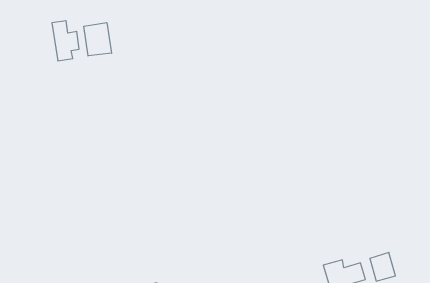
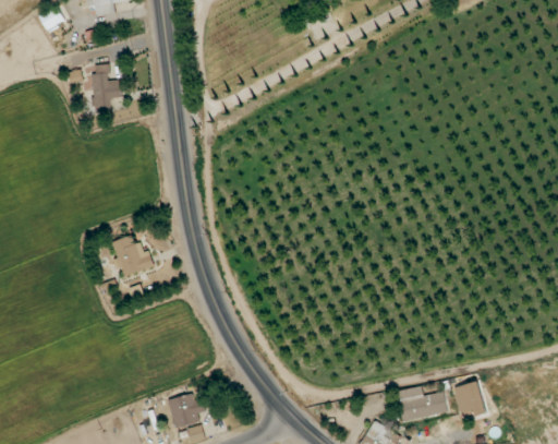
building: [84,23,112,56] -> none
building: none -> [111,235,155,279]

